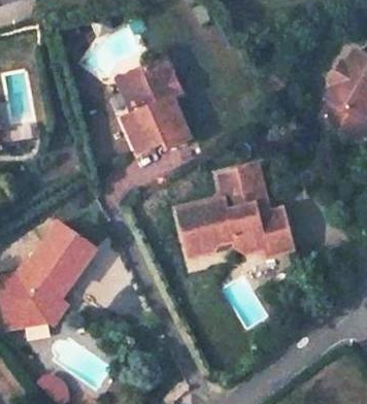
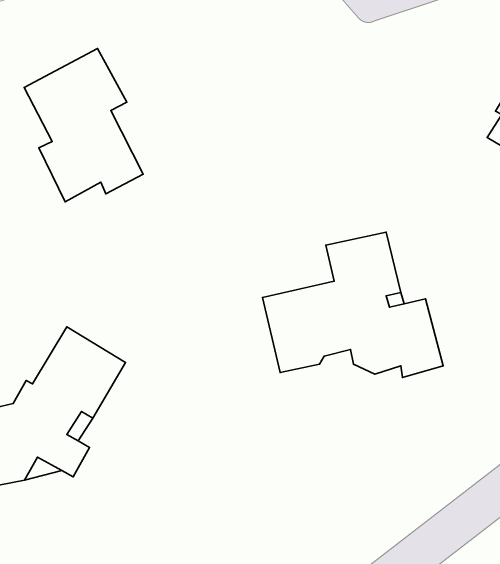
building: [113,60,189,157] -> [24,48,143,202]

